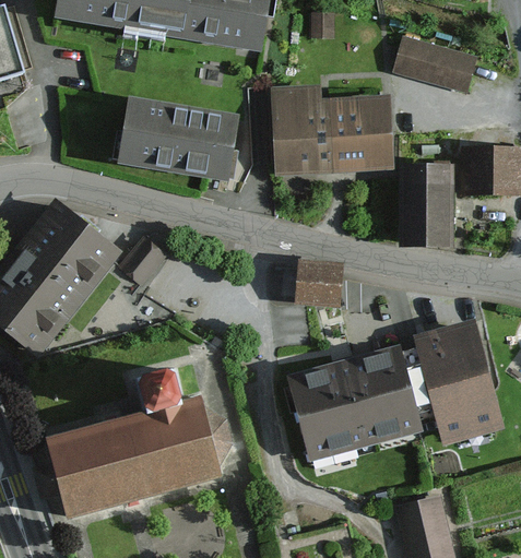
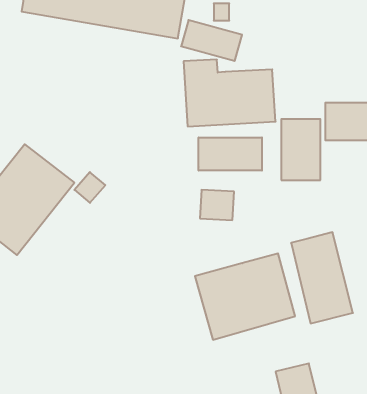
building: [395,34,477,88] -> [181,20,242,61]
building: [121,99,238,185] -> none
building: none -> [199,137,262,171]
building: [33,380,232,514] -> none

